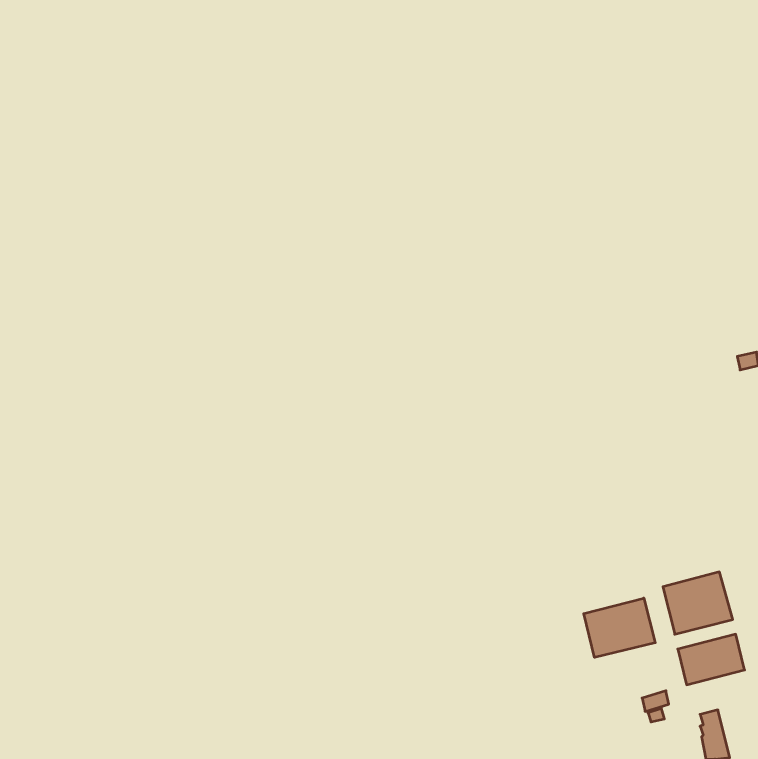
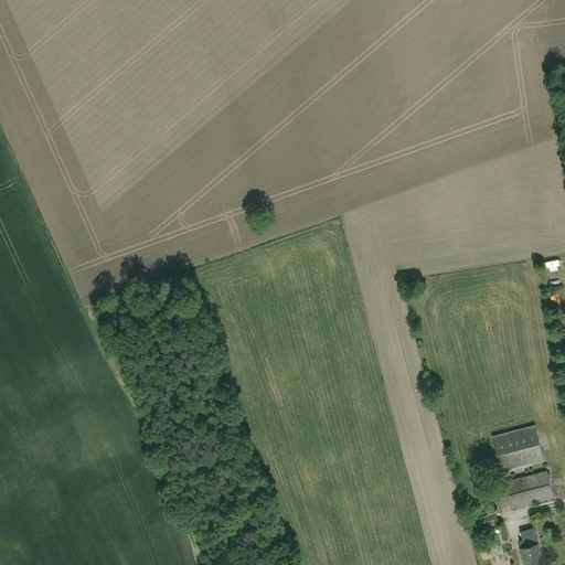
building: [584,598,655,657] -> none

